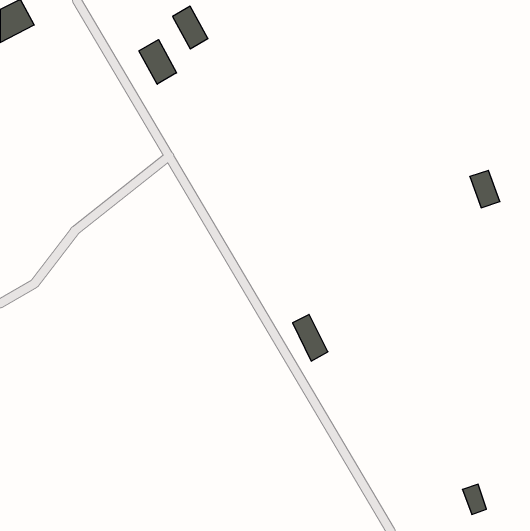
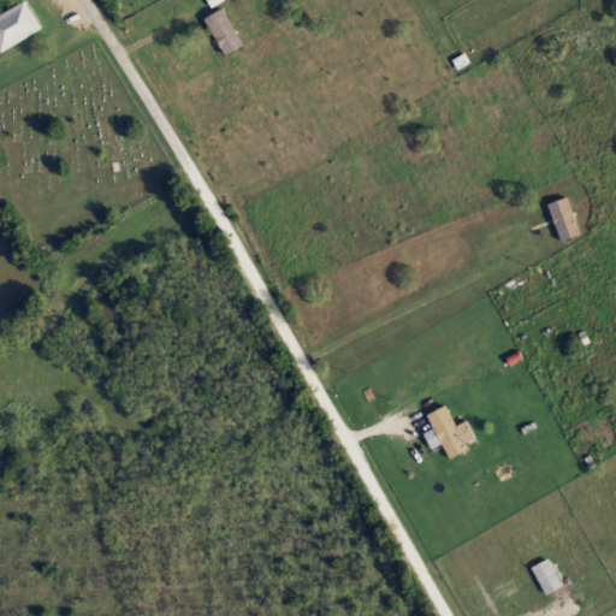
building: [139,40,177,84] -> none
building: [293,314,328,361] -> [425,405,466,460]

